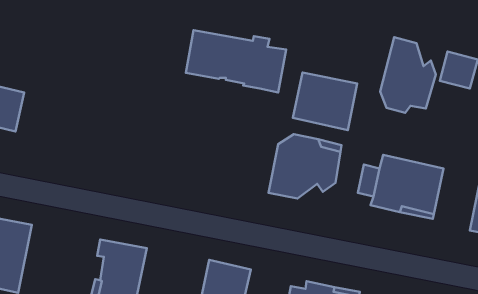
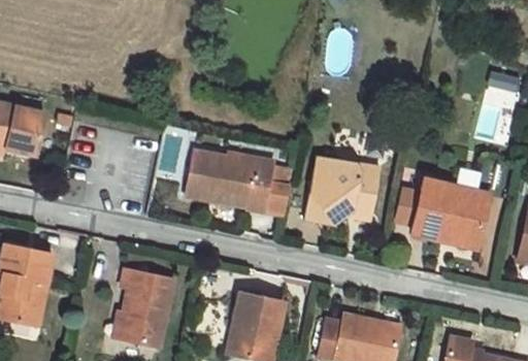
building: [186,30,286,92] -> [185,150,291,216]
building: [380,37,436,113] -> none
building: [293,73,357,130] -> none

